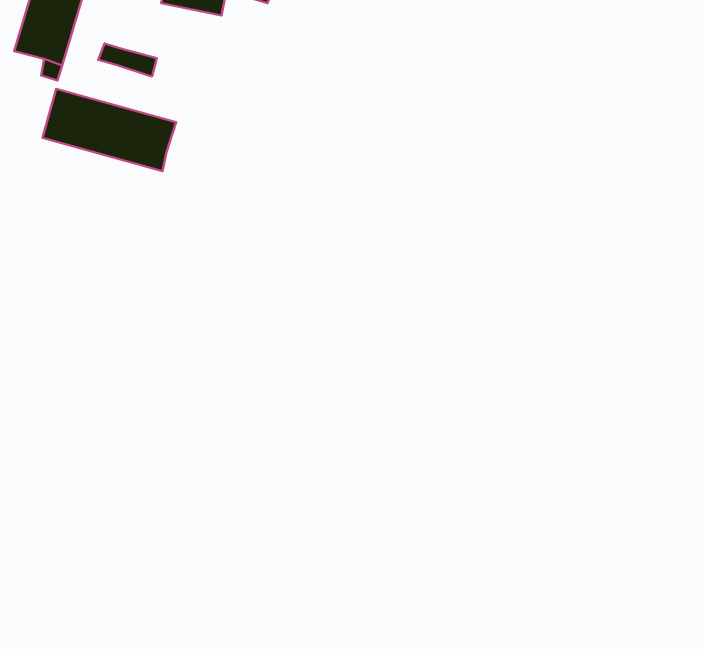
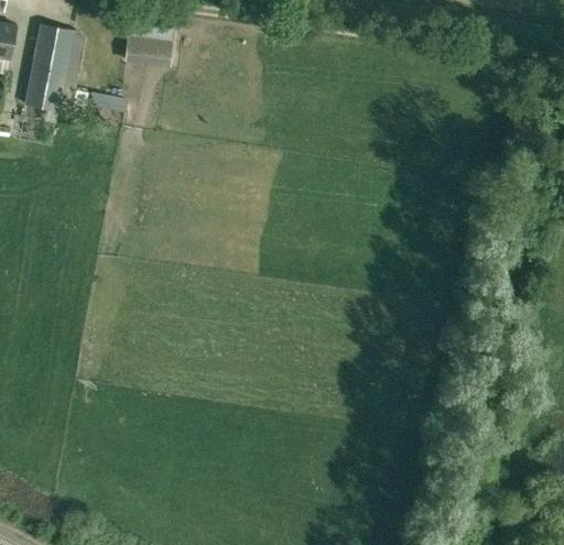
building: [42,89,176,171] -> none

